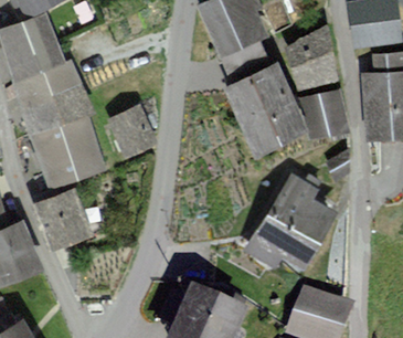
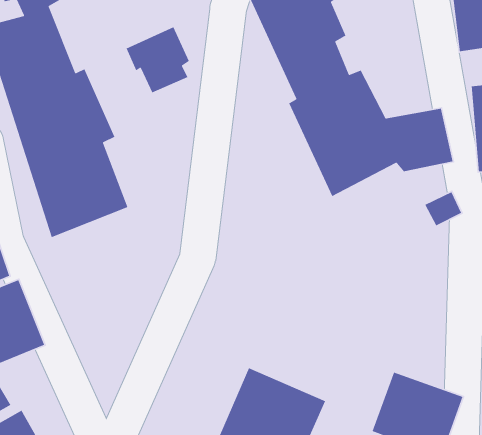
building: [286,29,340,87] -> none
building: [105,104,153,155] -> [126,26,190,94]
building: [245,171,343,268] -> none
building: [26,187,91,252] -> none

